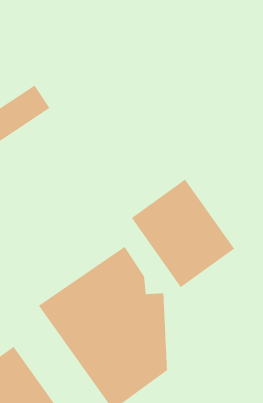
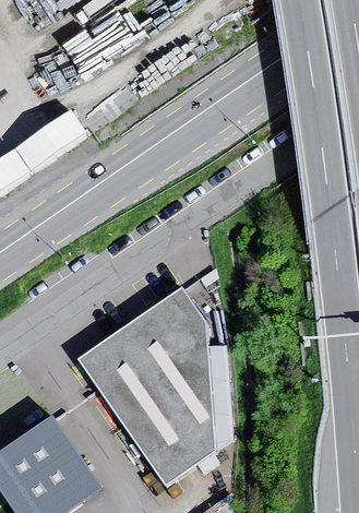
building: [131,179,235,288] -> none

